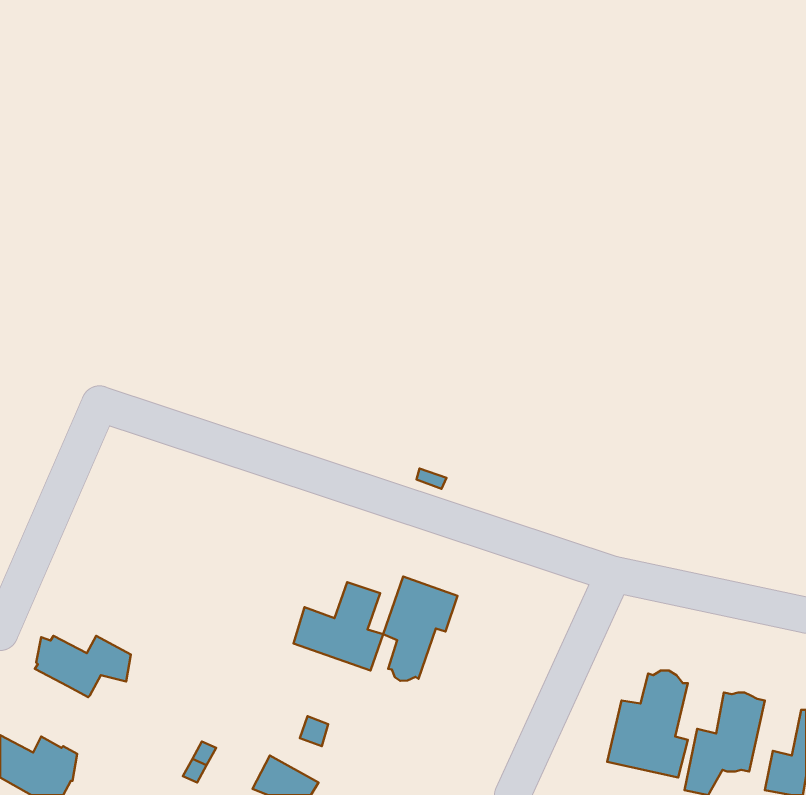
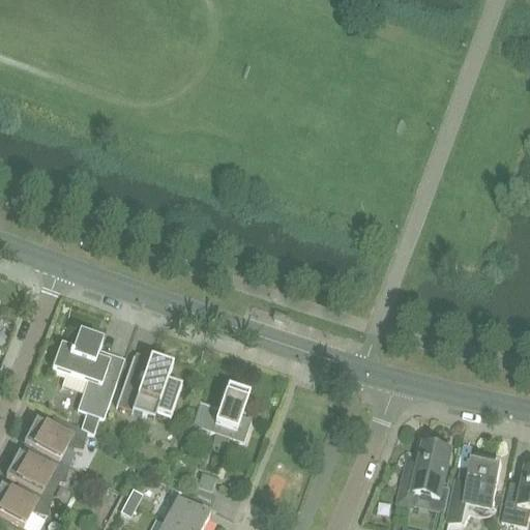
building: none -> [52,330,115,433]
building: none -> [116,355,181,416]
building: [383,576,457,681] -> none
building: none -> [5,449,68,491]

